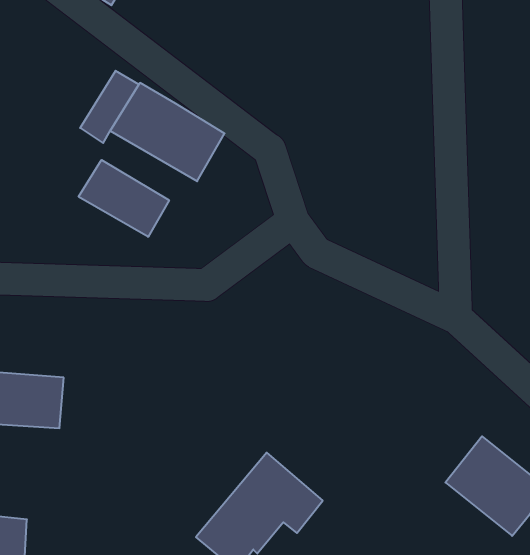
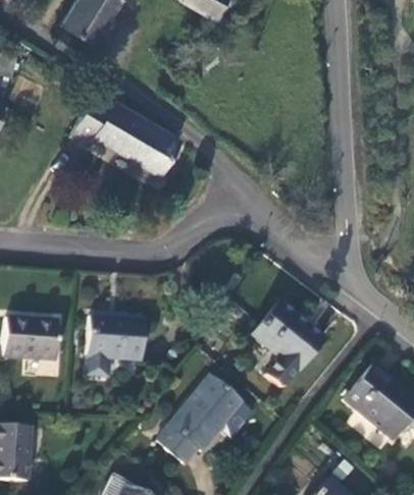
building: [79,160,169,237] -> none
building: none -> [251,303,323,372]
building: none -> [86,317,144,360]

